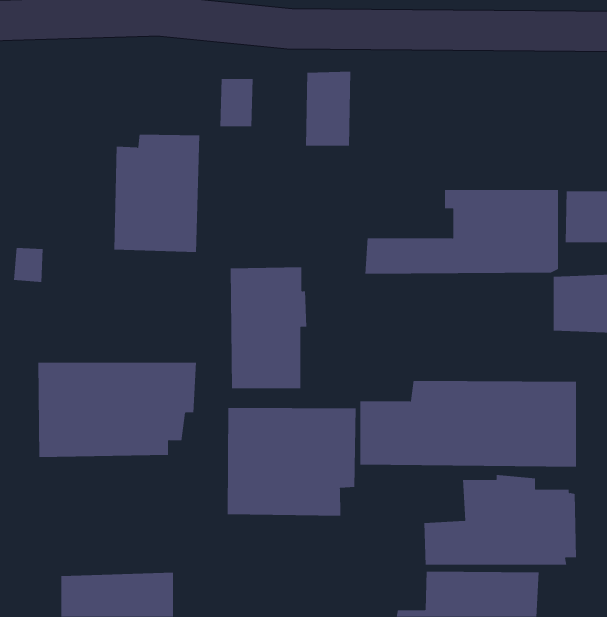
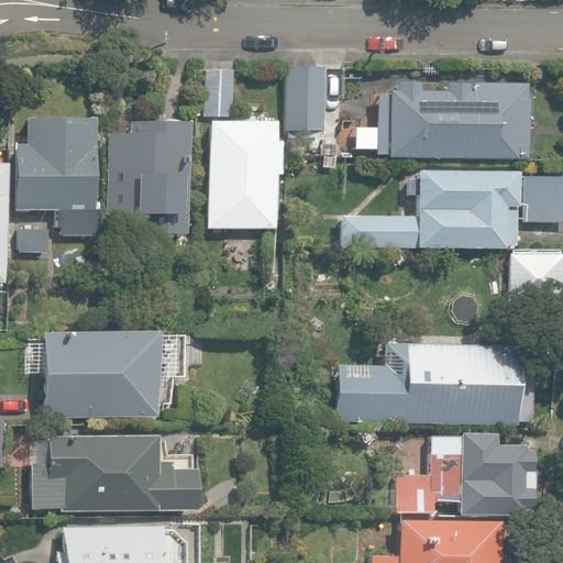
building: none -> [382,80,531,158]
building: none -> [13,111,101,231]
building: [230,267,307,389] -> [211,119,282,230]
building: [227,407,356,516] -> none
building: none -> [33,431,198,507]

